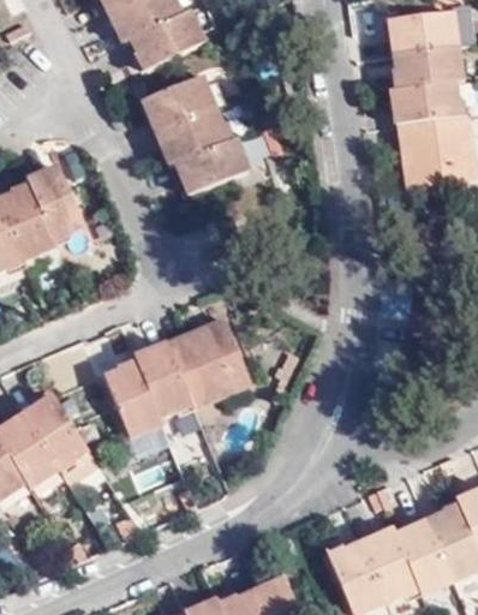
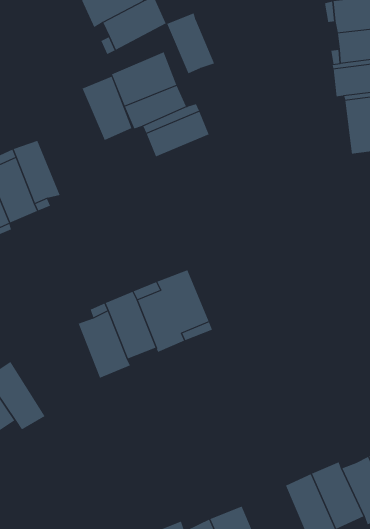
building: none -> [166,12,215,74]
building: none -> [82,76,132,141]
building: [29,400,92,477] -> none

